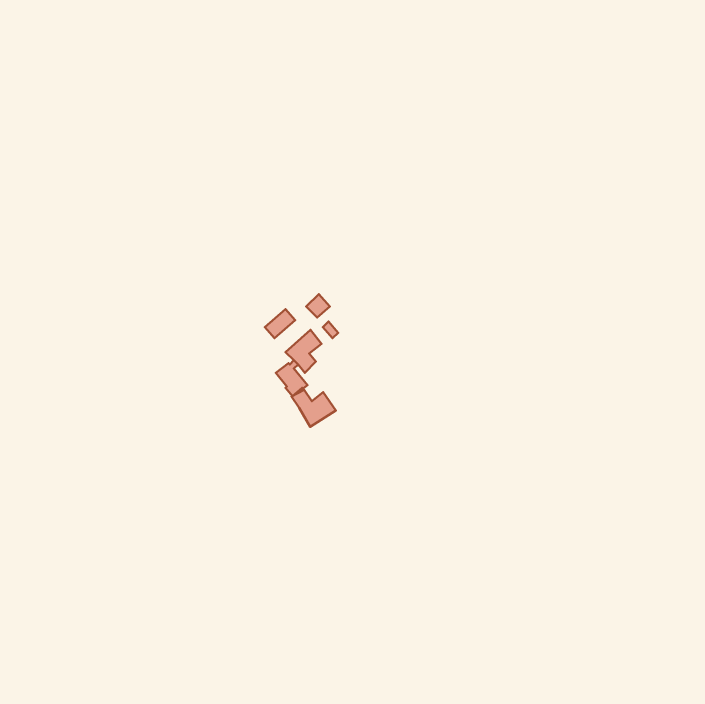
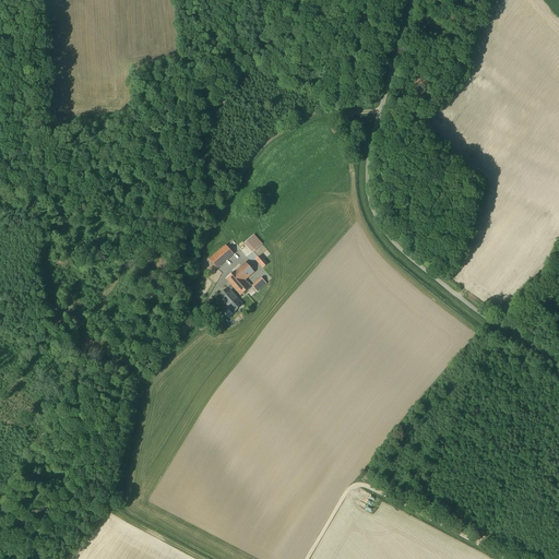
building: [292,390,336,427] -> none

